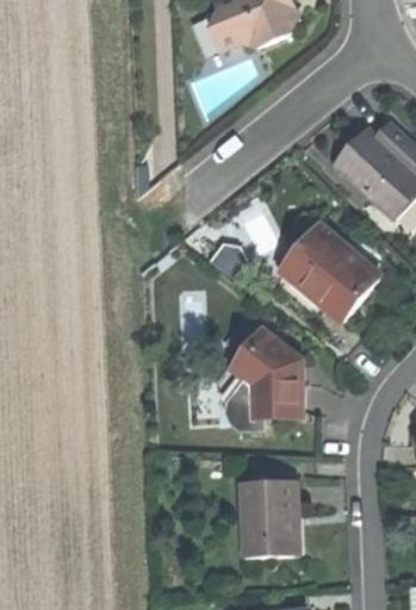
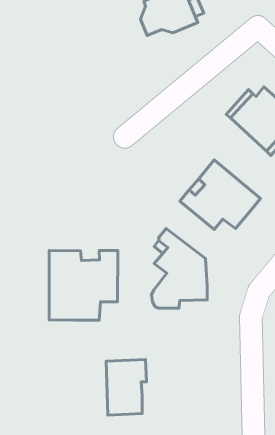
building: none -> [49,250,118,320]
building: [242,479,298,556] -> [106,359,146,415]

